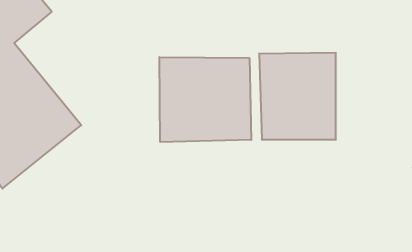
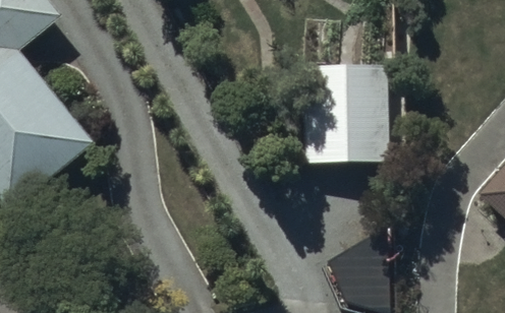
building: [159,57,251,142] -> none

